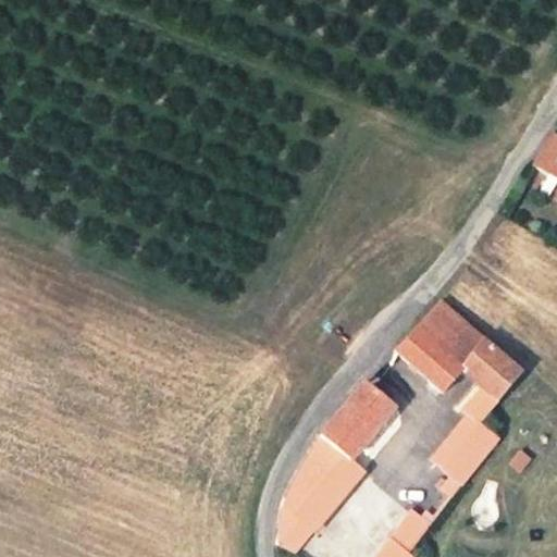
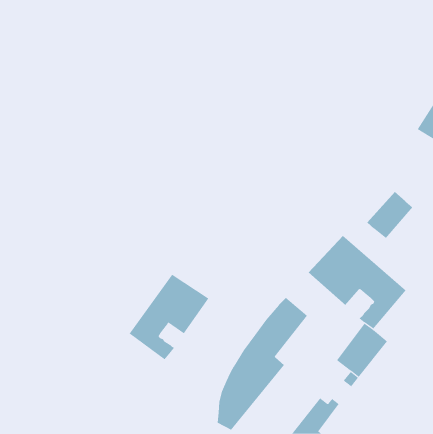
building: none -> [367,191,413,239]
building: none -> [129,274,209,360]

